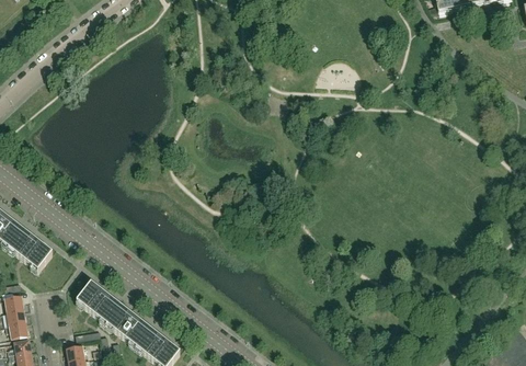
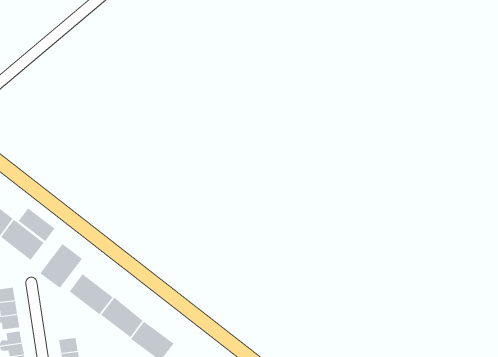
building: none -> [18,207,56,242]
building: none -> [39,243,83,289]

